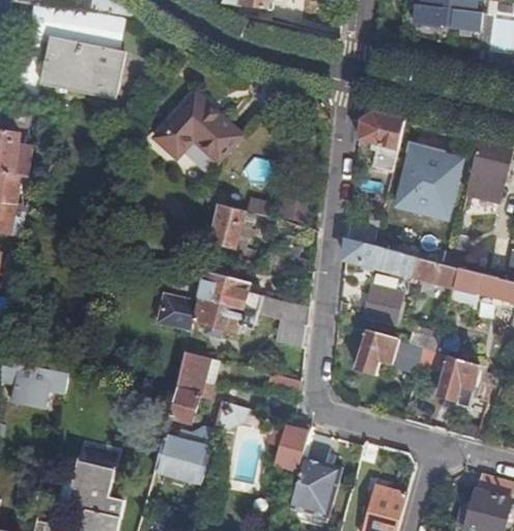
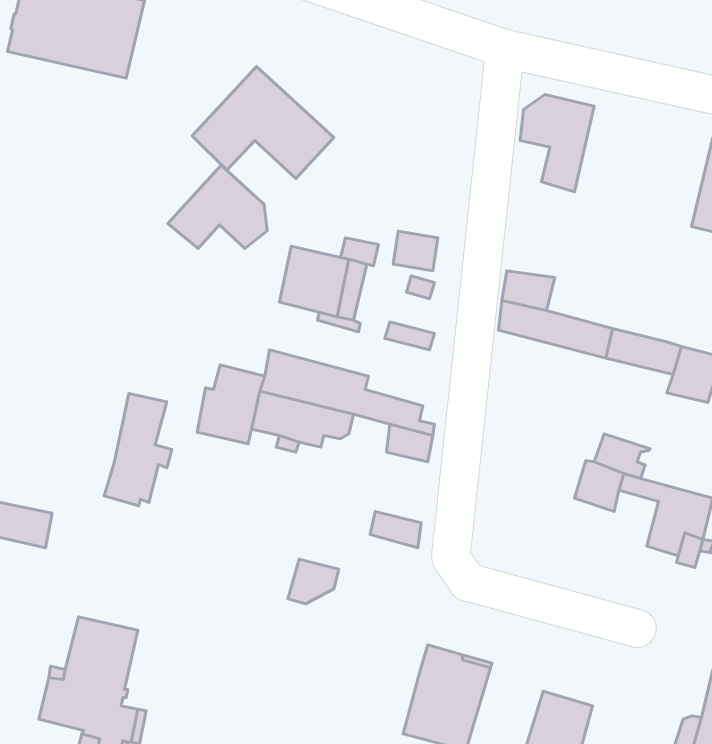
building: [400,147,463,218] -> none
building: none -> [168,165,267,249]
building: [368,287,406,326] -> none
building: [358,331,401,375] -> none
building: [168,352,210,422] -> [104,394,172,506]
building: [267,420,310,474] -> none
building: [153,428,212,483] -> none

